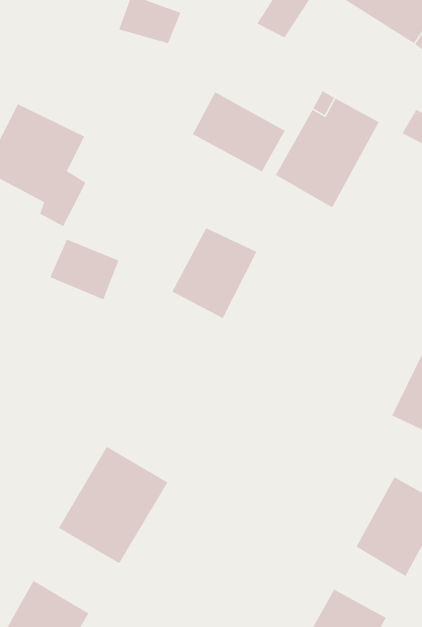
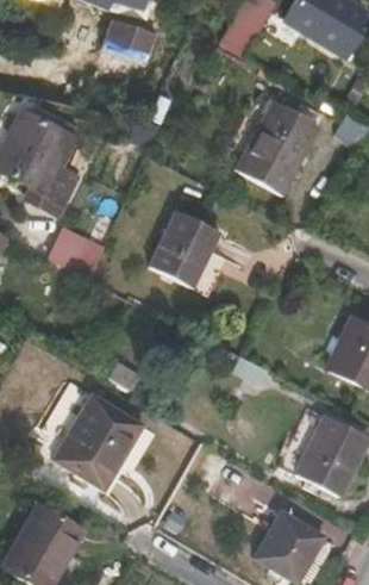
building: [192,91,286,173] -> none

